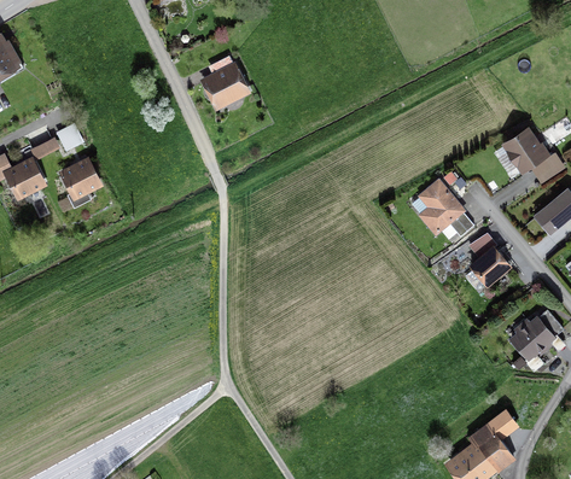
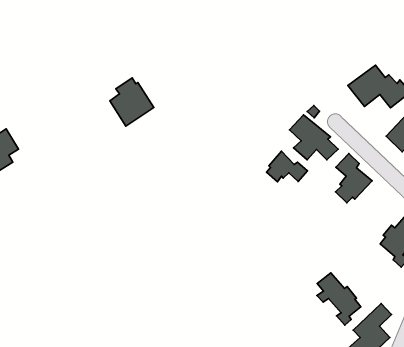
building: [199,54,250,110] -> [110,78,154,126]
building: none -> [267,151,308,182]
building: none -> [317,273,361,325]

